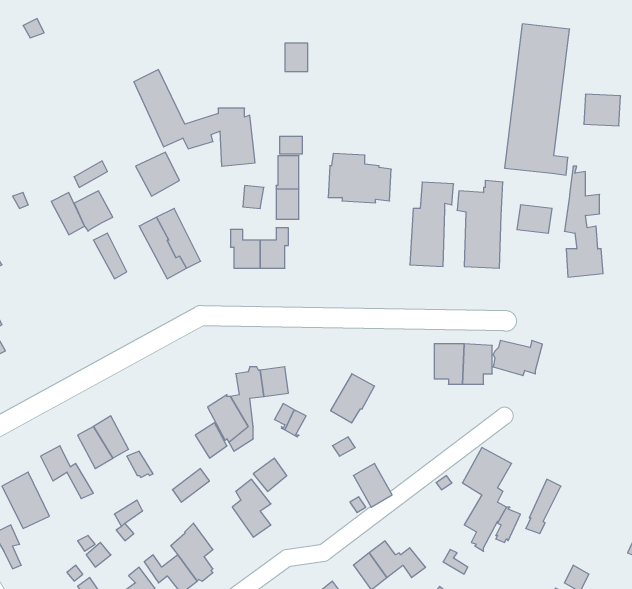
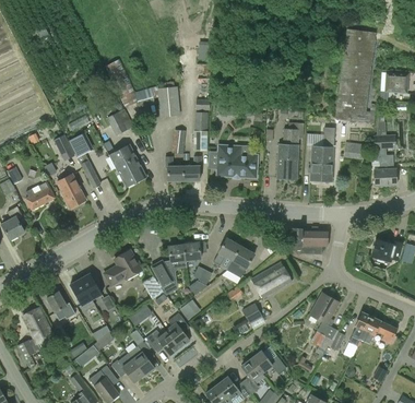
building: [328,153,391,203] -> [217,146,257,177]
building: none -> [57,175,86,209]
building: none -> [26,181,55,211]
building: [493,340,542,376] -> [371,240,402,262]
building: none -> [213,238,240,270]
building: none -> [104,250,141,286]
building: none -> [251,262,292,298]
building: none -> [359,317,396,344]
building: none -> [145,329,179,356]

